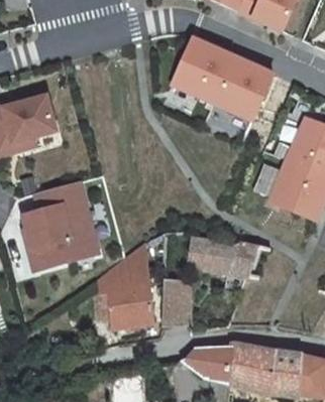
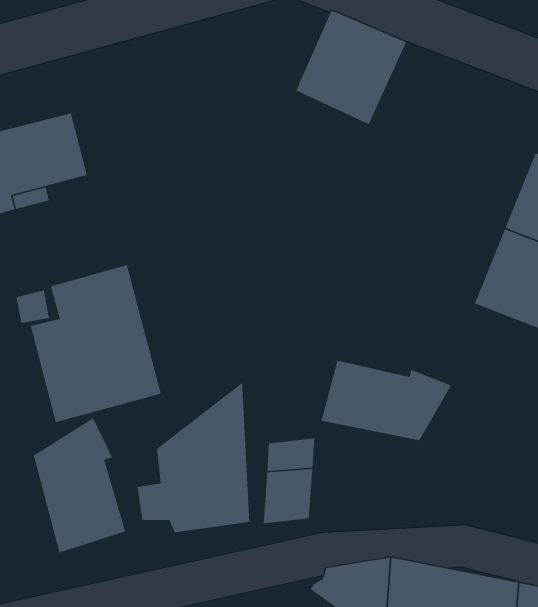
building: [215,56,276,120] -> none
building: none -> [33,417,126,554]

